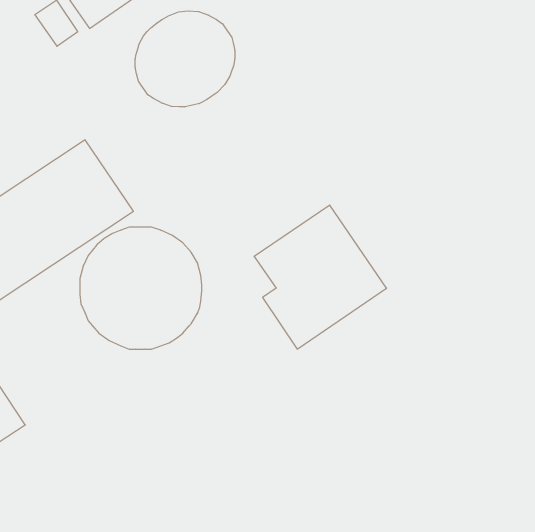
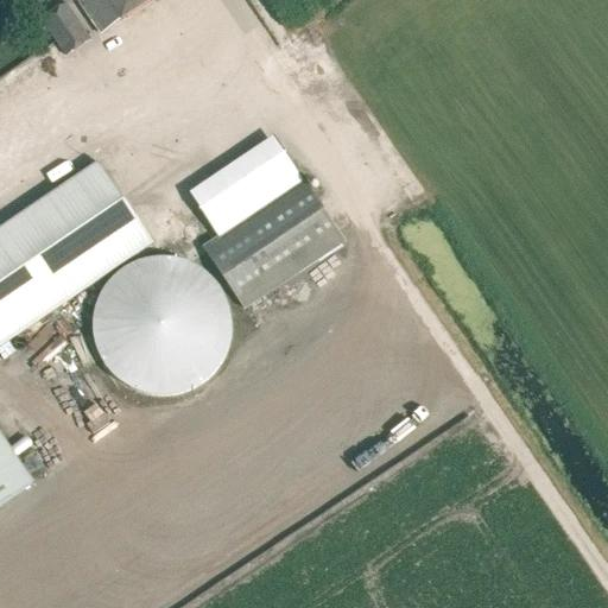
building: [135,11,235,107] -> none
building: [254,205,387,349] -> [196,141,346,304]

